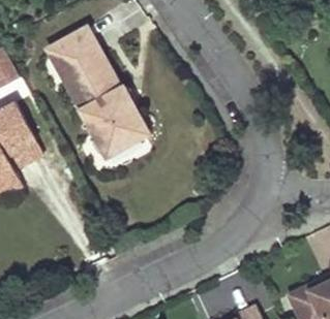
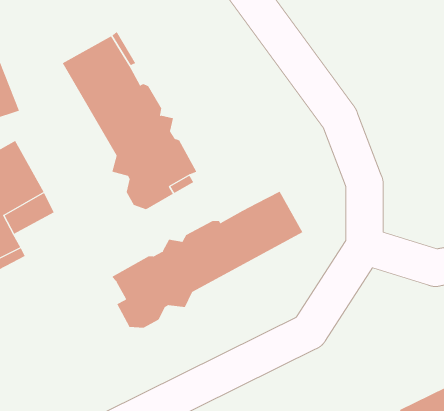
building: none -> [112,191,303,329]

